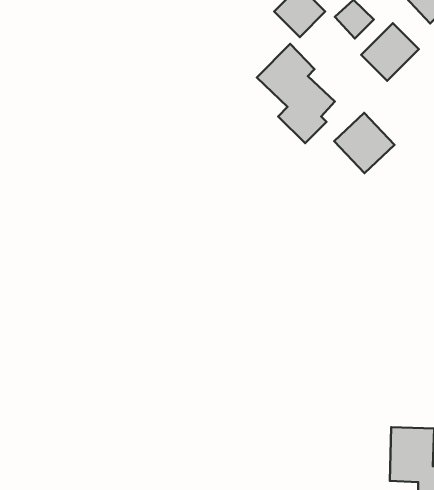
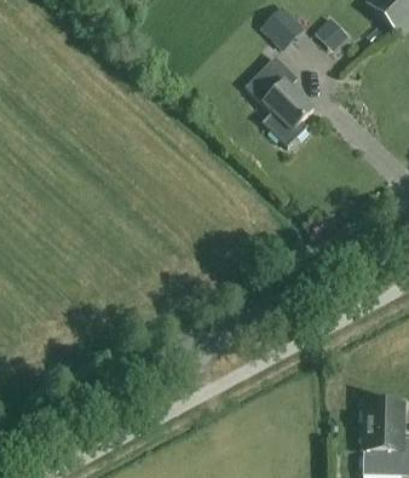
building: [361,23,419,81] -> none
building: [334,113,394,173] -> none

